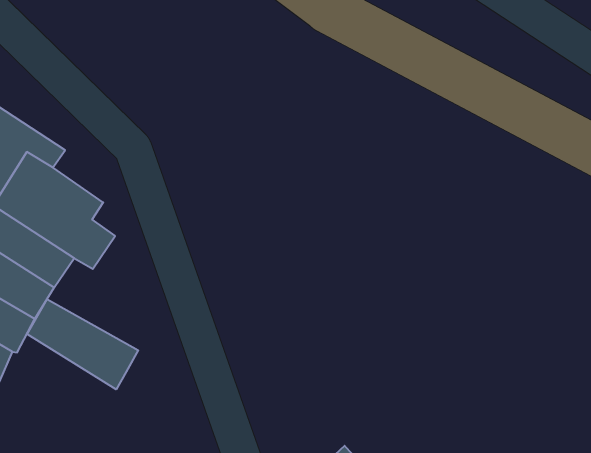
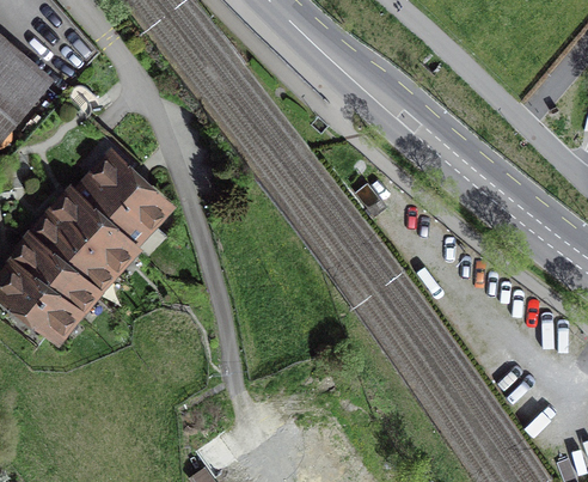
building: [27,299,138,389] -> none

